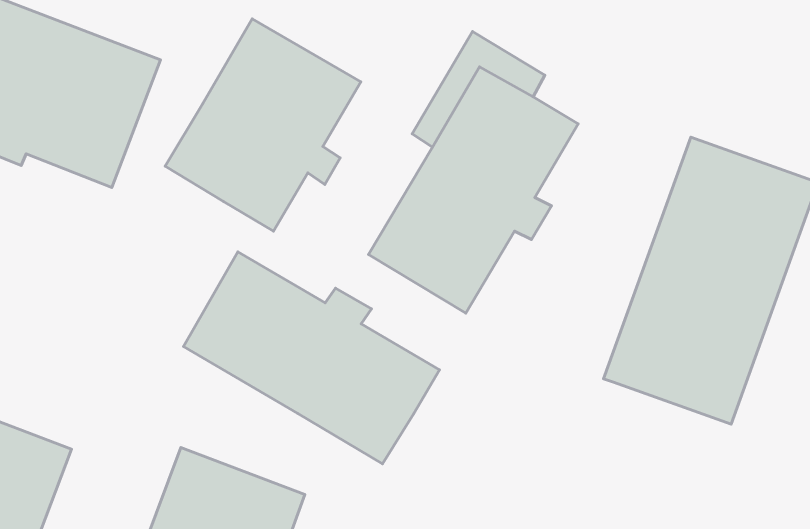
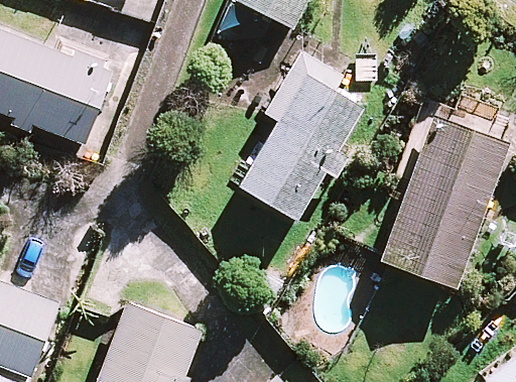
building: [165,19,361,231] -> none
building: [184,252,439,464] -> none

